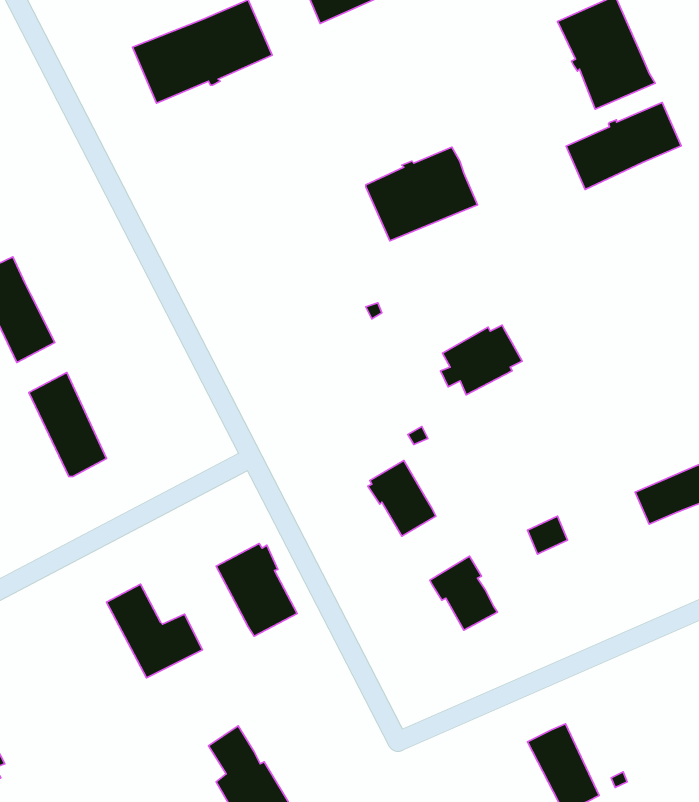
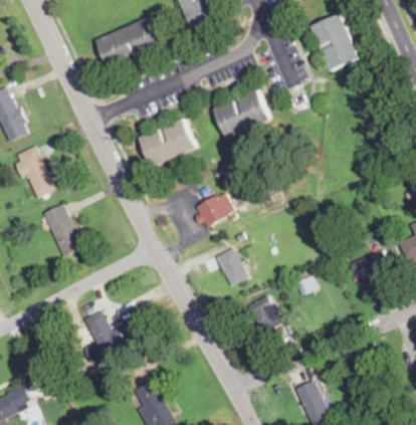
building: [566,103,681,189] -> none
building: none -> [139,119,195,166]
building: [440,325,522,395] -> [193,192,234,227]
building: [216,544,297,636] -> none

